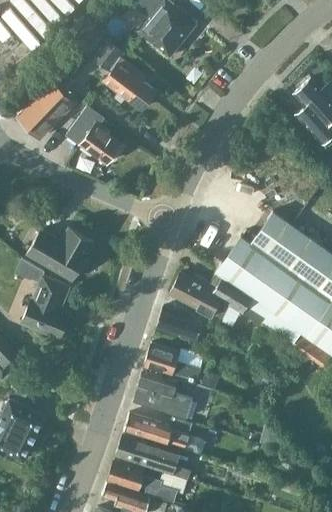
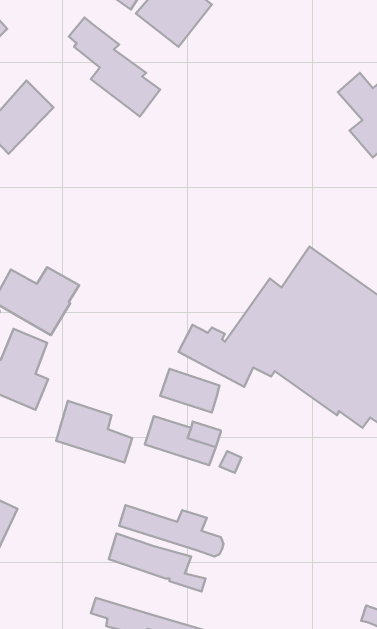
building: [67,108,121,165] -> none
building: [134,371,193,419] -> [56,401,132,463]
building: [109,460,189,501] -> none

